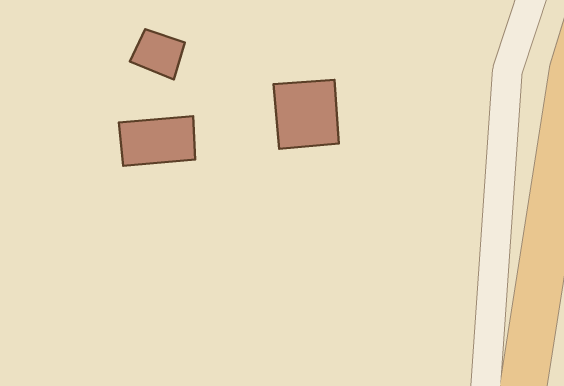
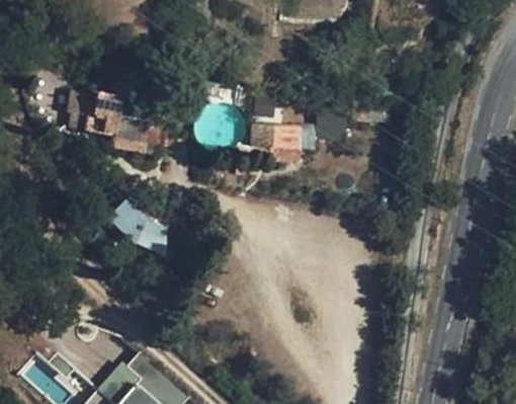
building: [130,29,185,80] -> [74,95,119,138]
building: none -> [110,198,167,252]

